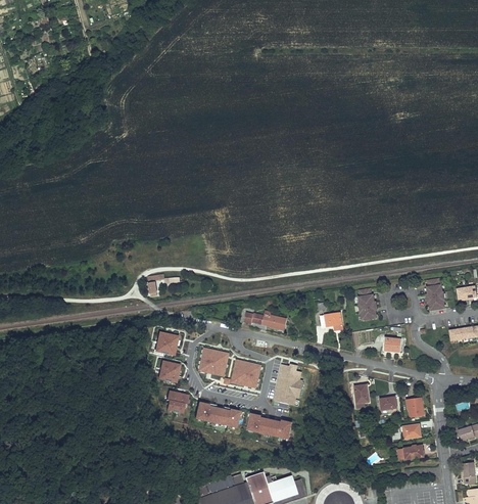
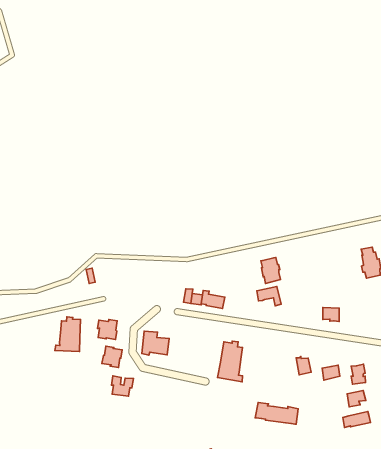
building: [360,294,378,320] -> [261,258,280,284]
building: none -> [55,317,81,352]
building: [231,362,260,387] -> none
building: [195,402,240,426] -> none
building: [247,413,291,438] -> [255,403,298,424]

